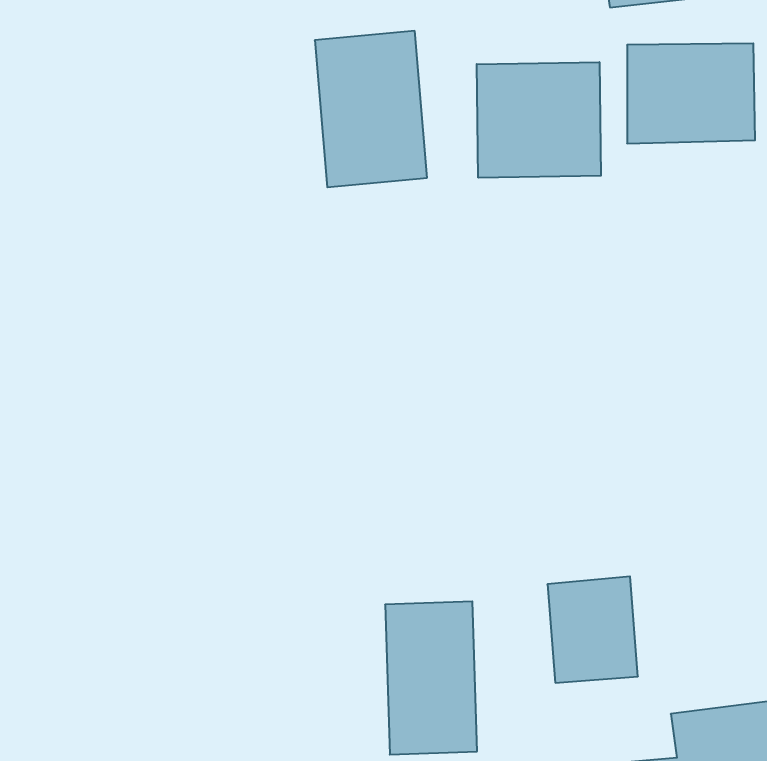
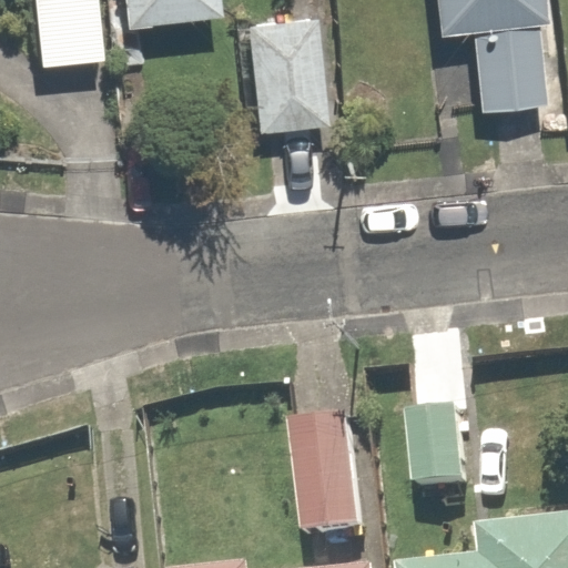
building: [477,62,601,178] -> none

